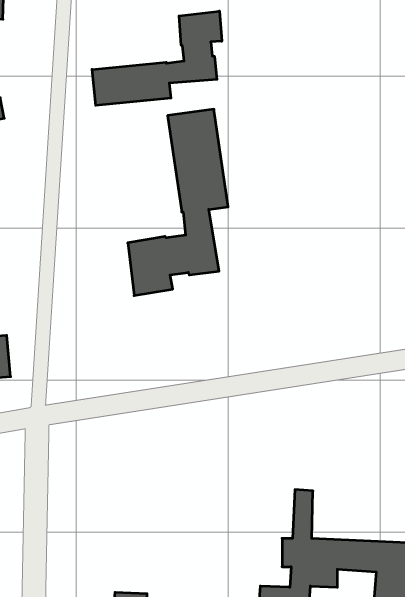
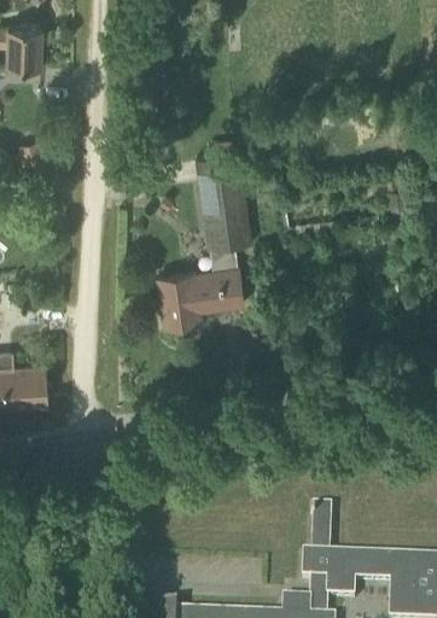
building: [92,11,222,105] -> none

